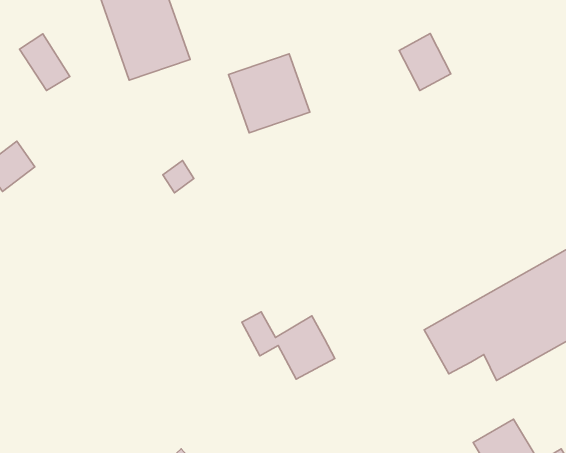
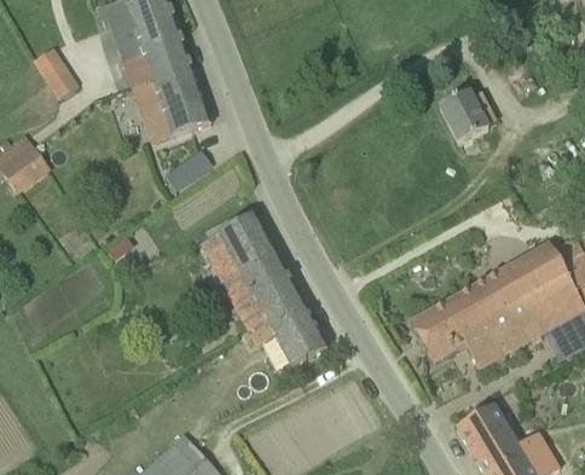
building: [399,34,451,91] -> [439,91,487,144]
building: [228,54,310,133] -> [134,68,210,141]
building: none -> [201,214,305,328]

